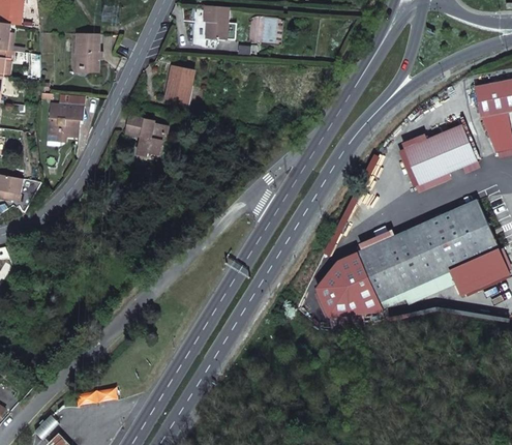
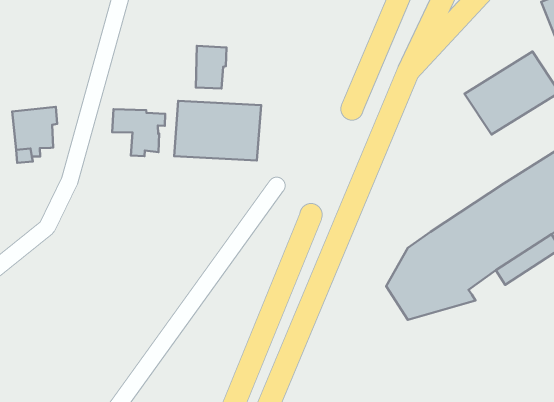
building: [76,33,100,71] -> none
building: [165,65,194,101] -> [196,46,227,88]
building: none -> [174,101,261,161]

